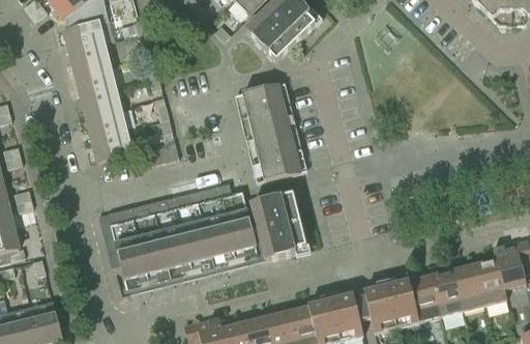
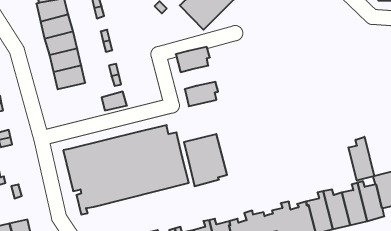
building: [247,108,292,138] -> none
building: [91,130,132,161] -> none
building: [258,151,303,182] -> none
building: none -> [348,137,374,181]

